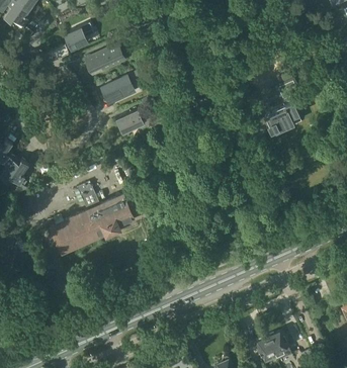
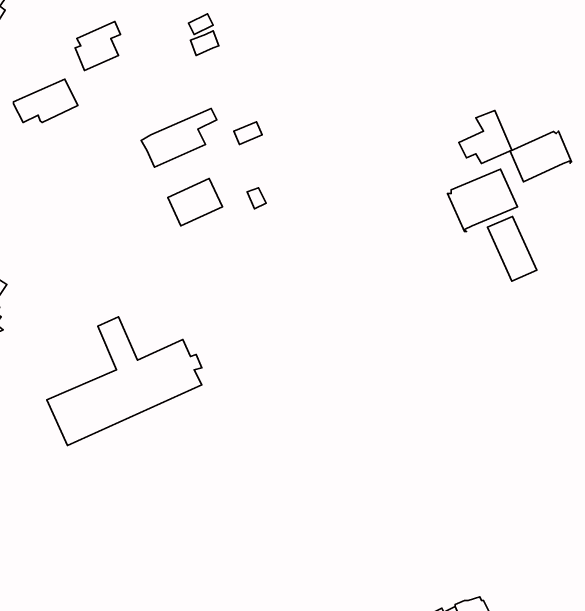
building: [87,48,121,71] -> [14,79,78,123]
building: none -> [510,131,571,182]
building: none -> [488,216,537,281]

